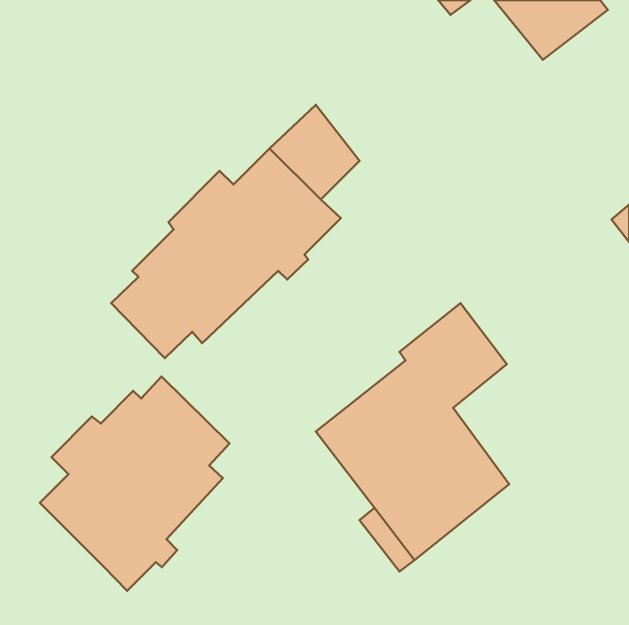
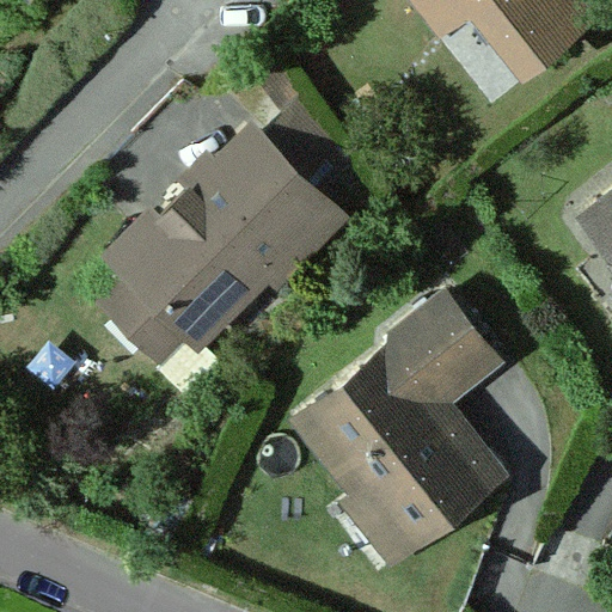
building: [40,377,230,591] -> none

